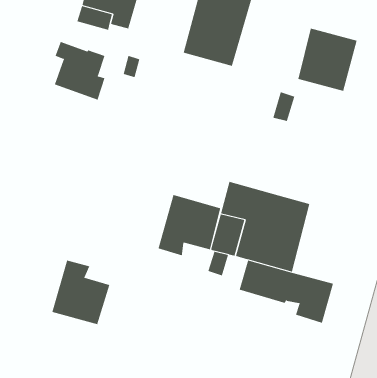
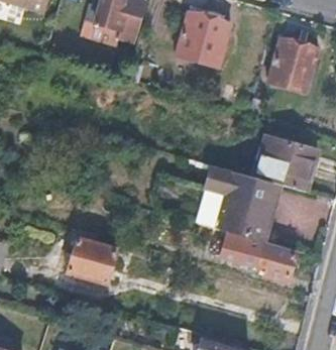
building: [54,41,105,101] -> none
building: none -> [252,135,317,192]
building: [158,194,221,256] -> none

